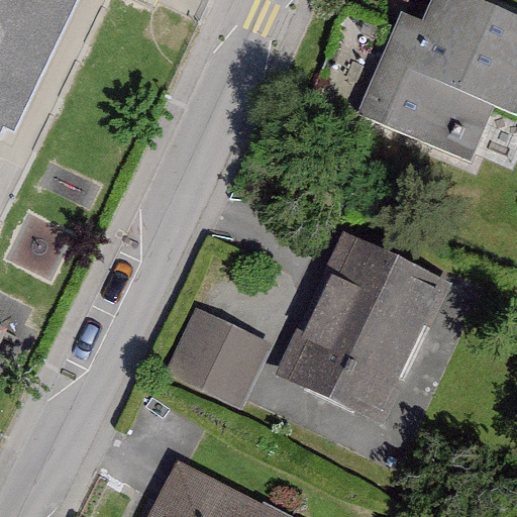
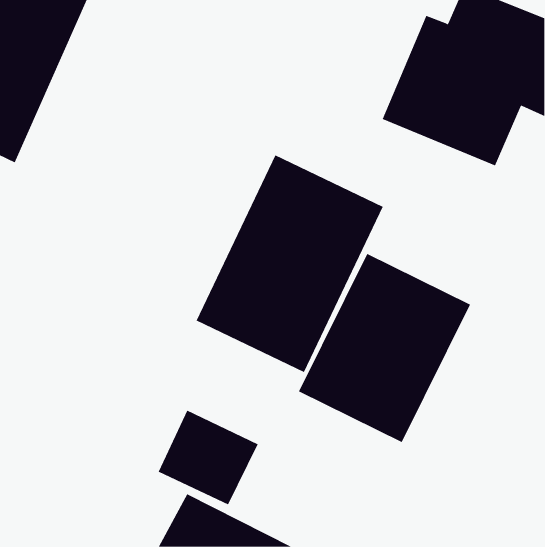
building: none -> [196,154,384,373]
building: [167,313,262,403] -> [158,410,259,505]

